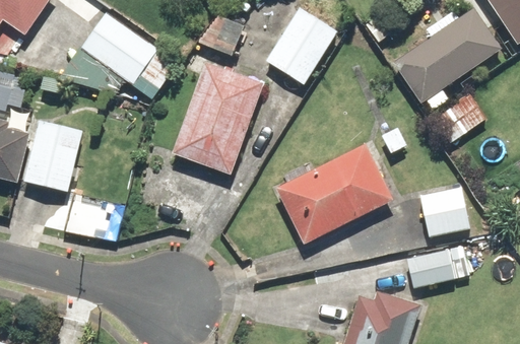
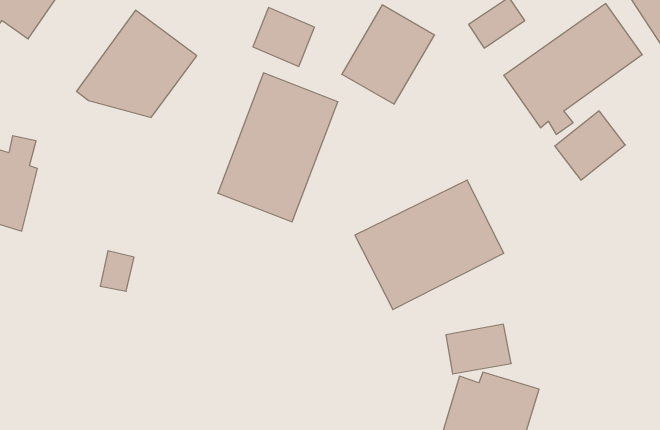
building: [24,119,84,193] -> none
building: [420,188,470,237] -> none
building: [405,249,456,287] -> [446,324,511,374]

